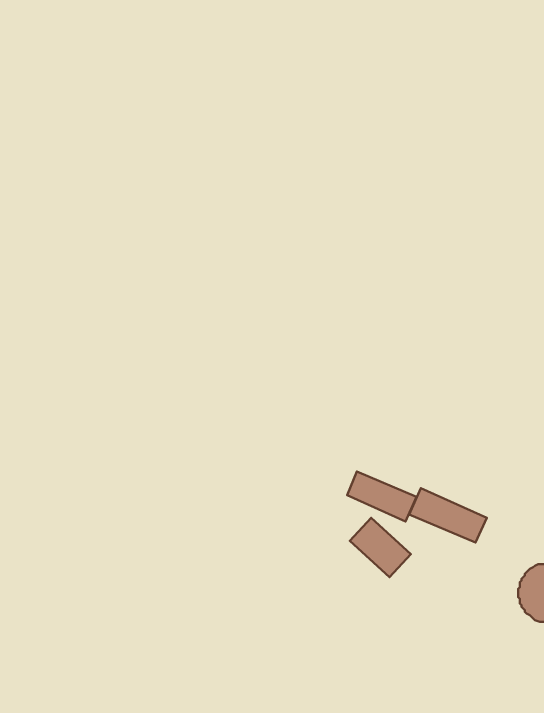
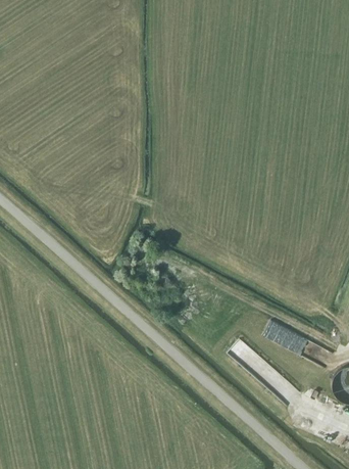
building: [347,472,416,522] -> none

